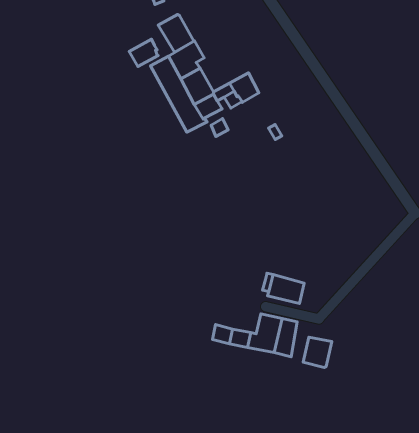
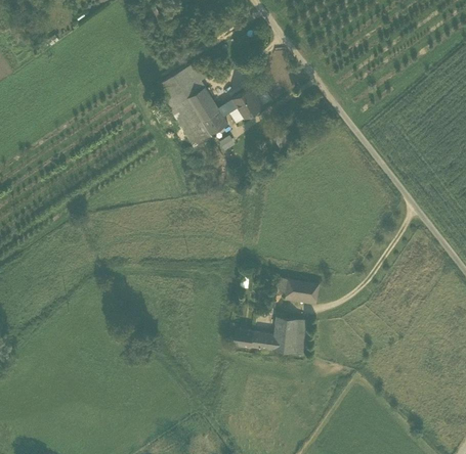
building: [158,14,194,52] -> none
building: [129,39,158,66] -> none
building: [303,337,332,367] -> none

